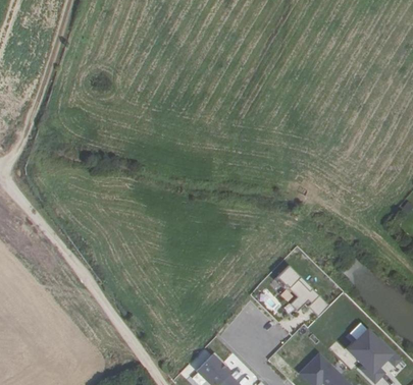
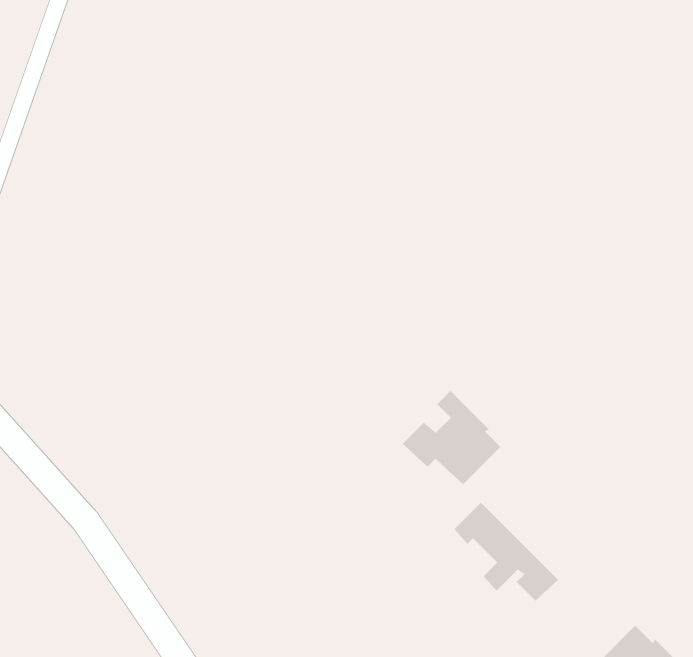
building: none -> [402,390,501,485]

